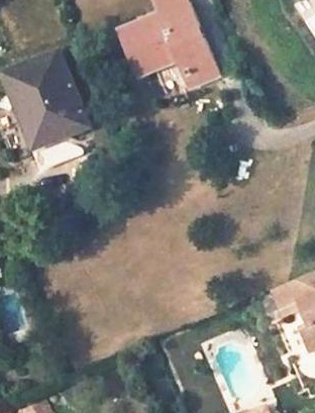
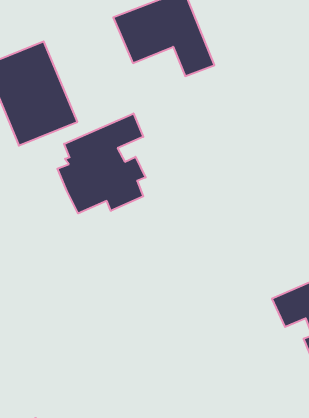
building: none -> [57,113,146,213]

